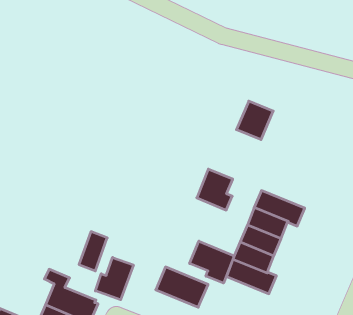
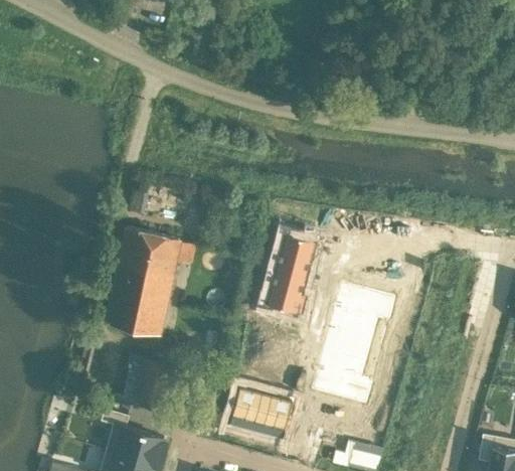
building: [236,101,273,140] -> [276,232,316,276]
building: none -> [106,228,181,334]
building: [190,241,234,283] -> none
building: [95,257,133,300] -> none

